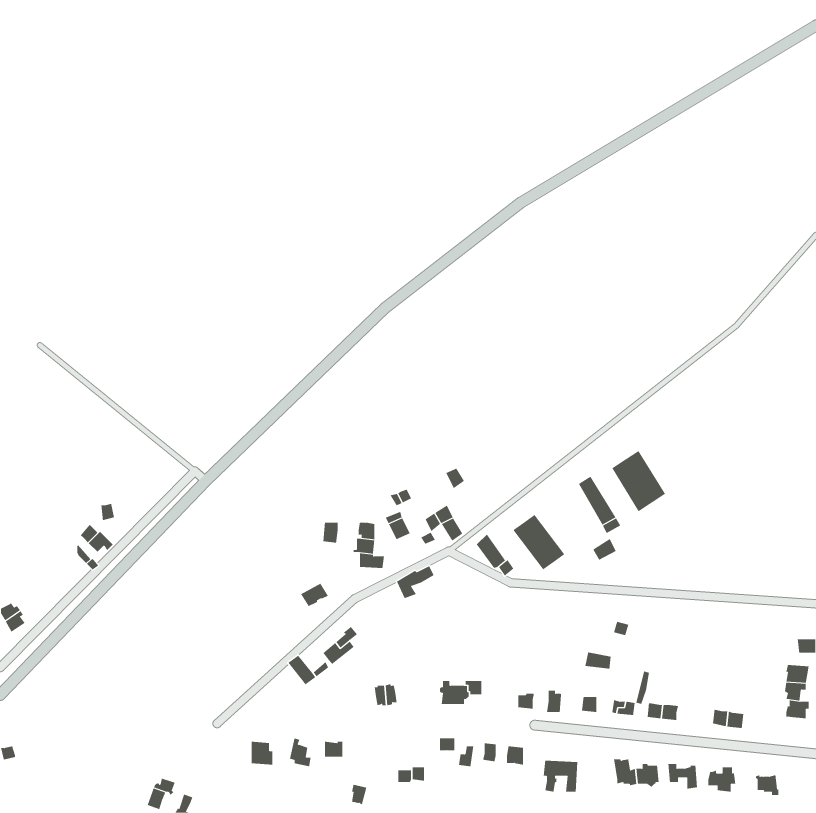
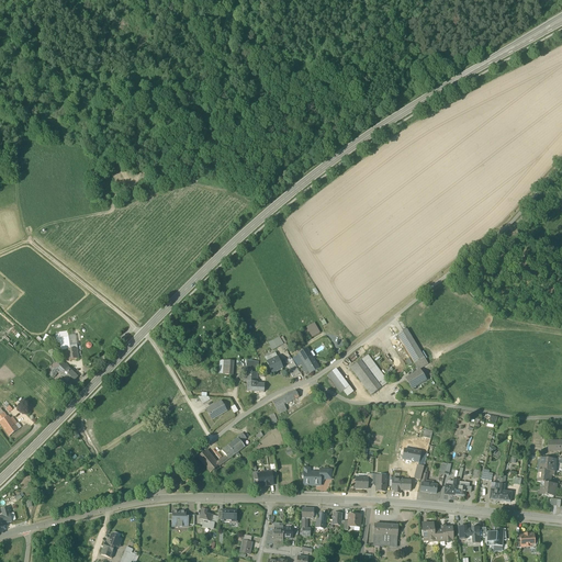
building: [611,450,666,512] -> none

